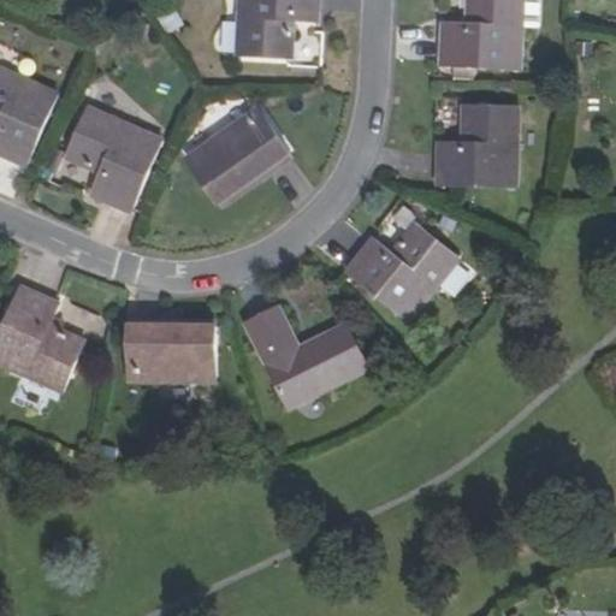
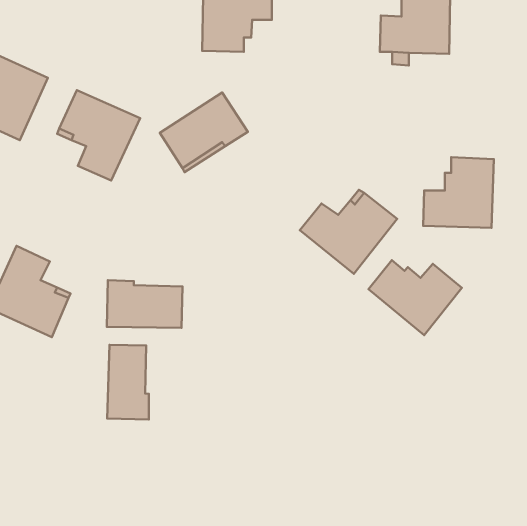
building: [436,102,517,184] -> [423,157,494,228]
building: none -> [369,260,462,335]
building: [243,306,366,408] -> none
building: none -> [107,345,149,419]

